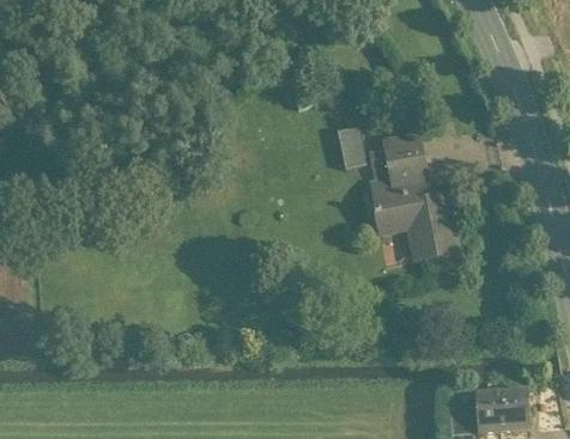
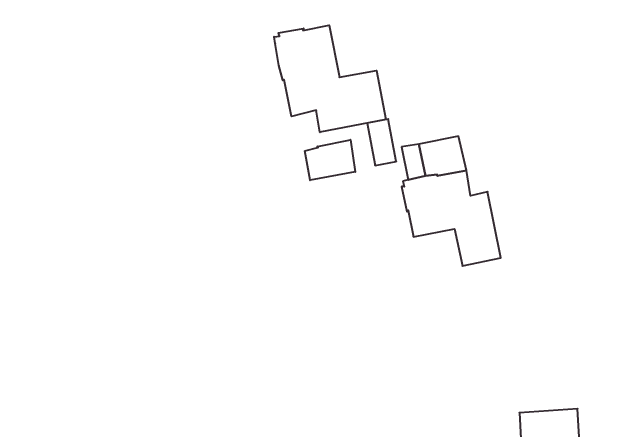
building: none -> [274,25,386,132]
building: none -> [305,140,355,180]

